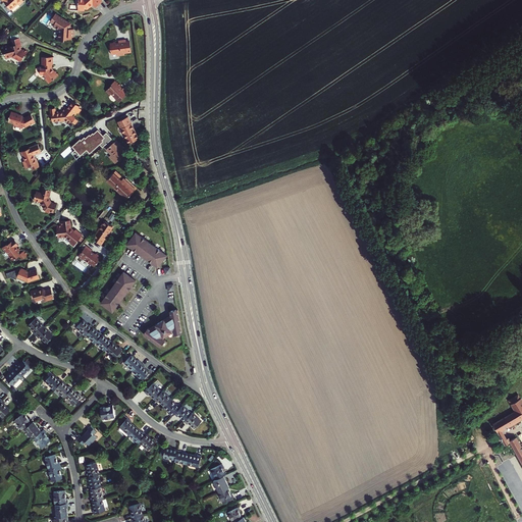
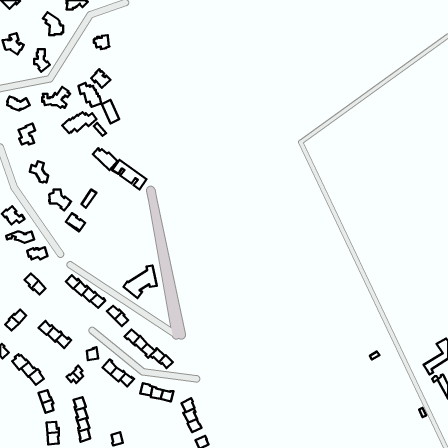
building: none -> [79,83,101,107]
building: [125,232,165,267] -> [112,160,147,190]
building: [100,272,135,312] -> none

